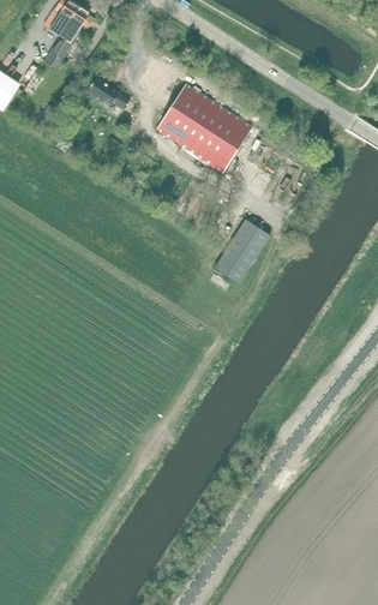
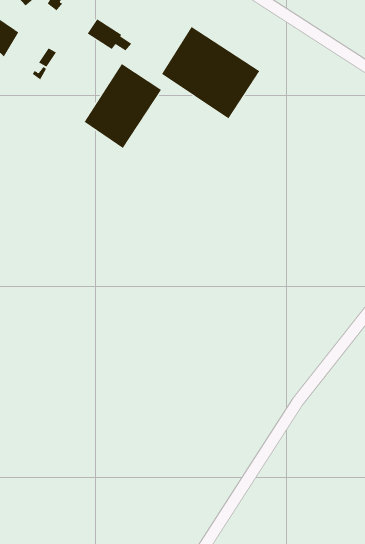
building: none -> [84,63,162,149]
building: [212,218,270,283] -> none

